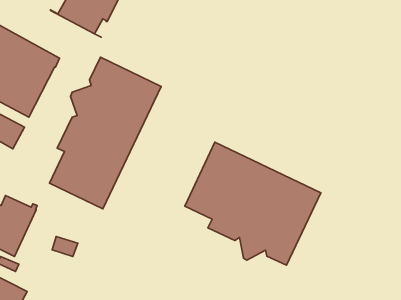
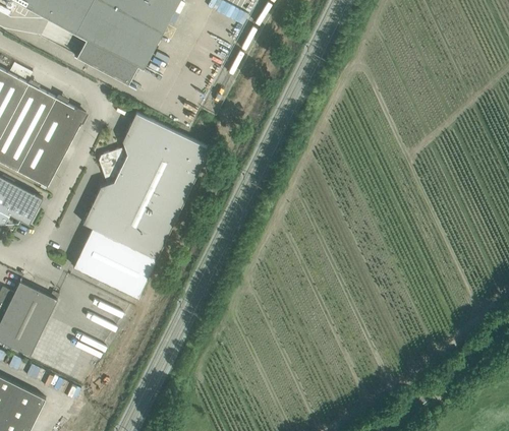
building: [185,142,321,265] -> none

